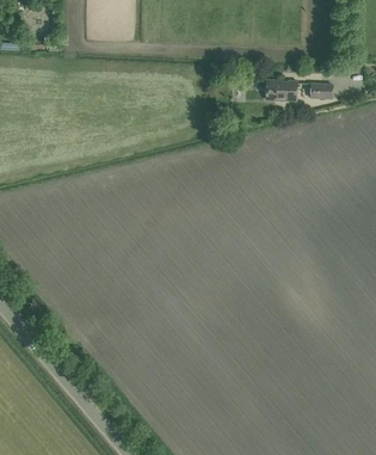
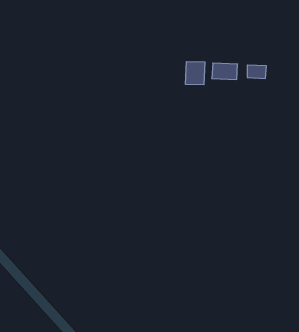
building: none -> [186,62,205,85]

